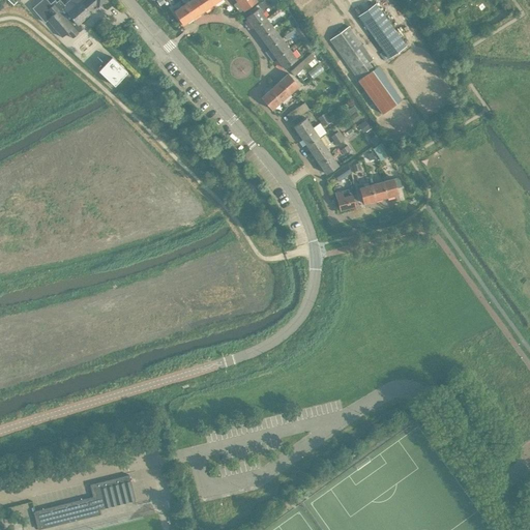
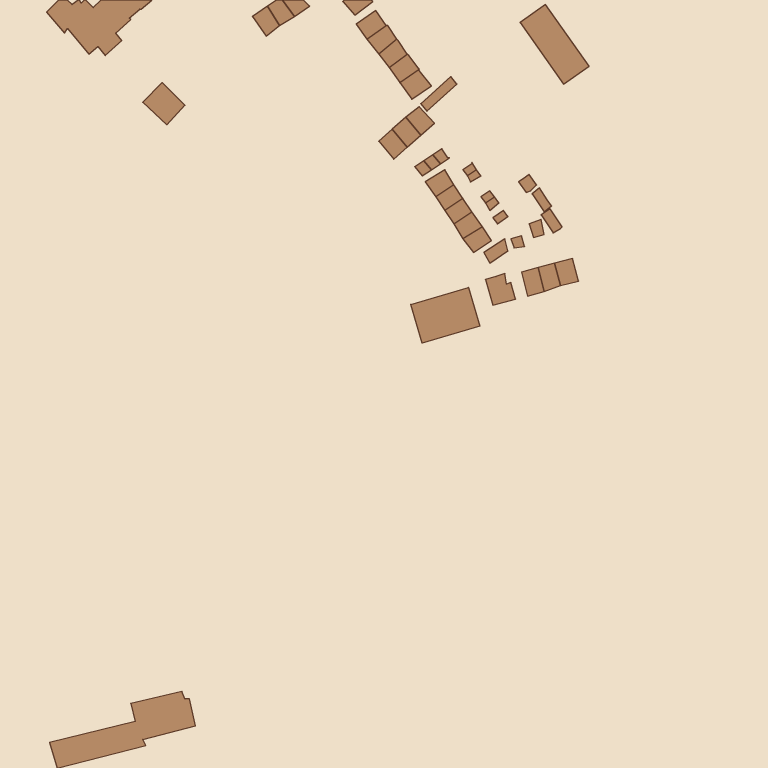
building: [329,26,402,114] -> none
building: none -> [411,287,480,343]

